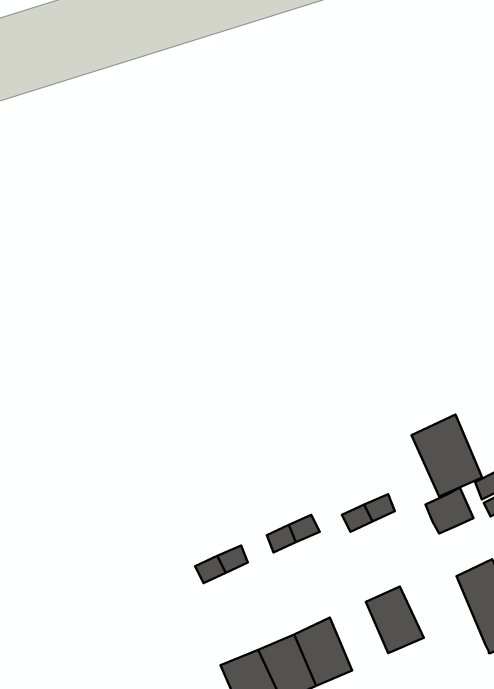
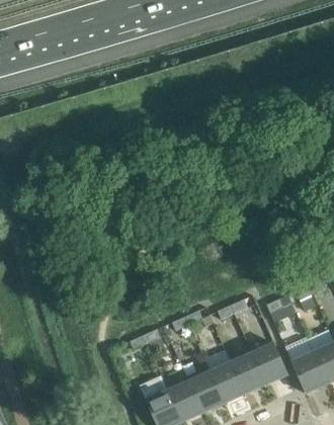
building: [411,415,482,496] -> none
building: none -> [252,342,289,382]
building: none -> [211,361,245,402]

